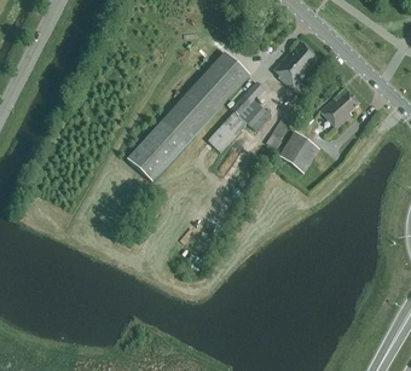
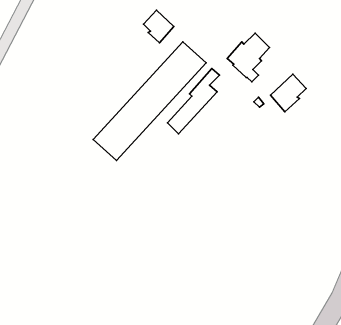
building: none -> [143,10,174,43]
building: [278,131,319,172] -> none

